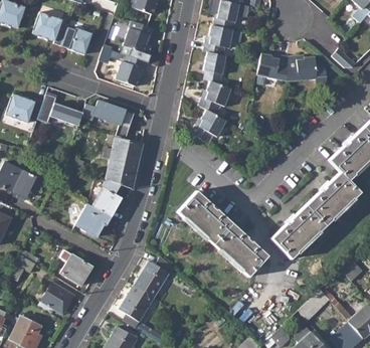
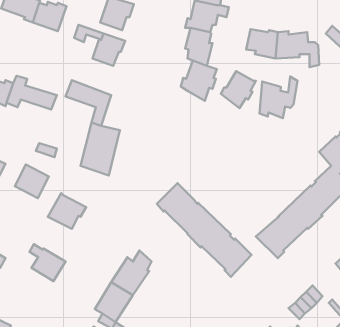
building: none -> [260,77,298,118]
building: [191,109,223,143] -> [221,71,256,108]
building: [90,185,122,216] -> [15,164,49,198]
building: [42,282,75,314] -> none

